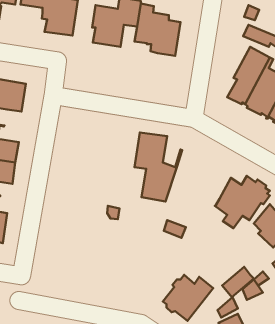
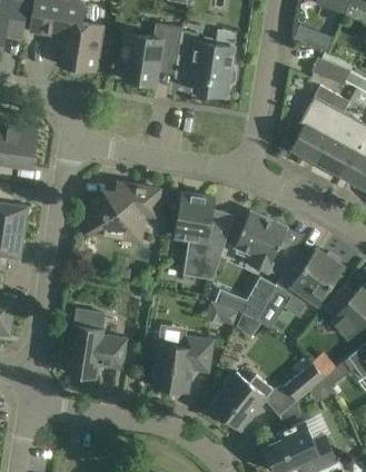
building: none -> [88,183,160,240]
building: none -> [229,212,298,277]
building: none -> [217,276,277,321]
building: none -> [66,308,127,378]
building: none -> [151,336,214,393]

